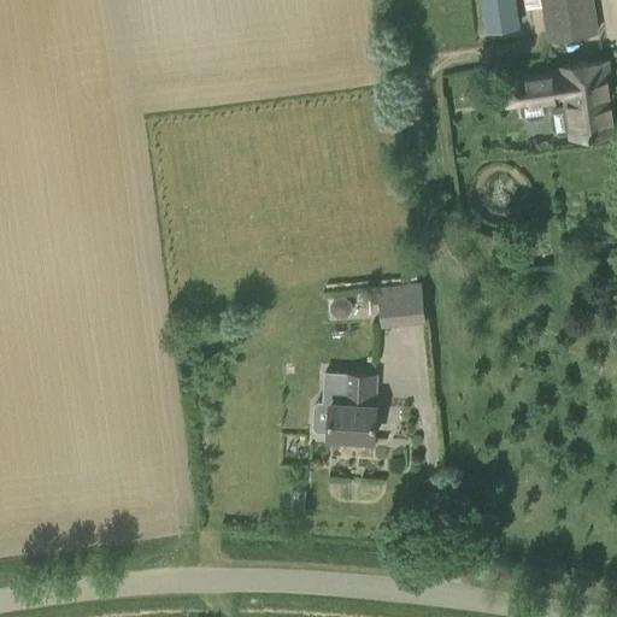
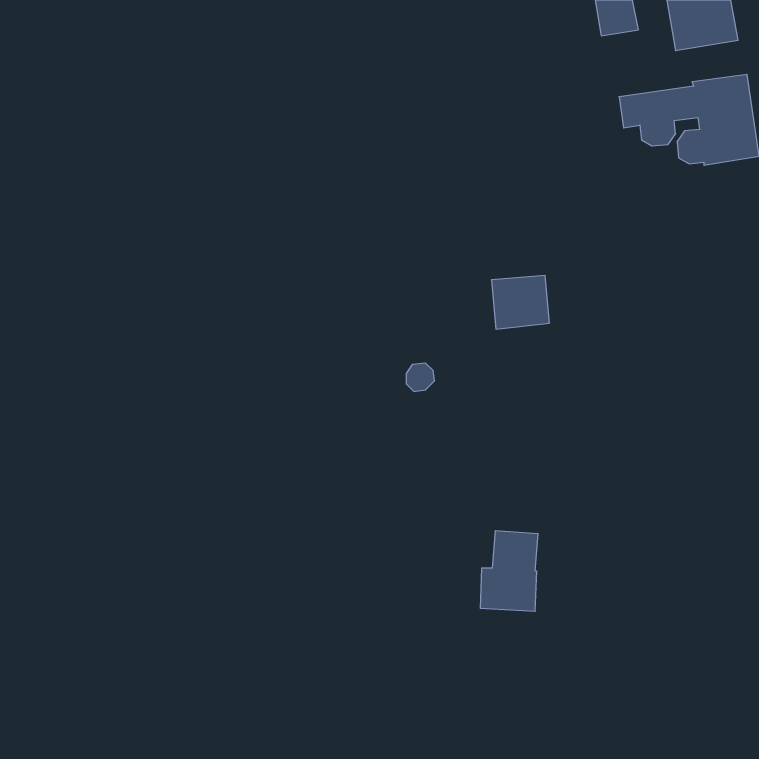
building: [377,282,424,325] -> [491,275,549,329]
building: [329,372,376,437] -> [480,531,538,611]

